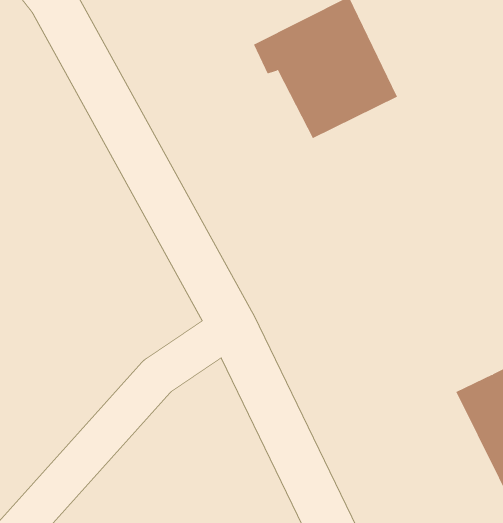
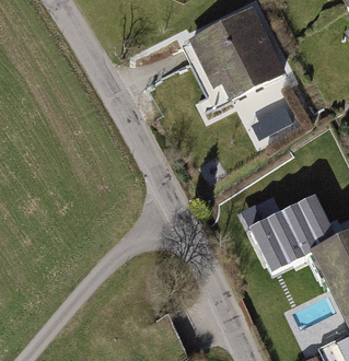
building: none -> [253,203,339,279]

